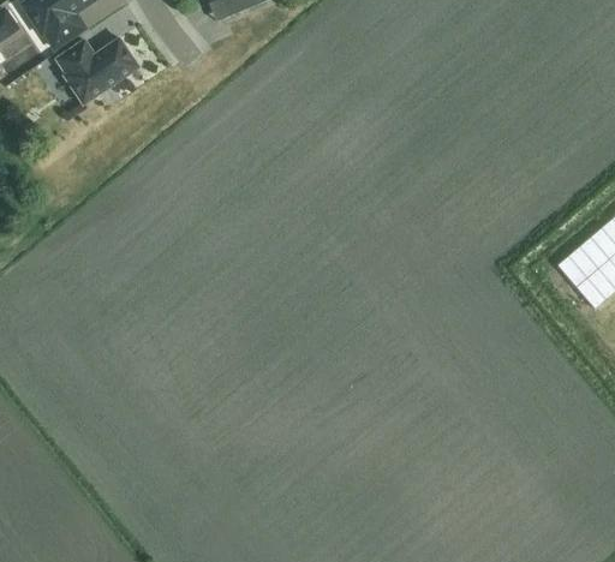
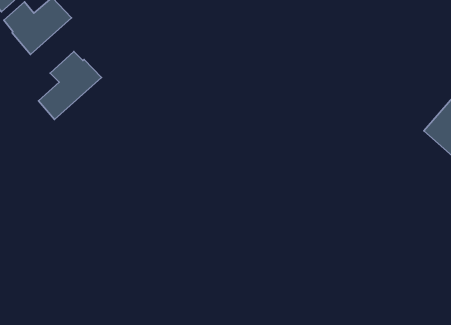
building: none -> [39,52,101,120]

